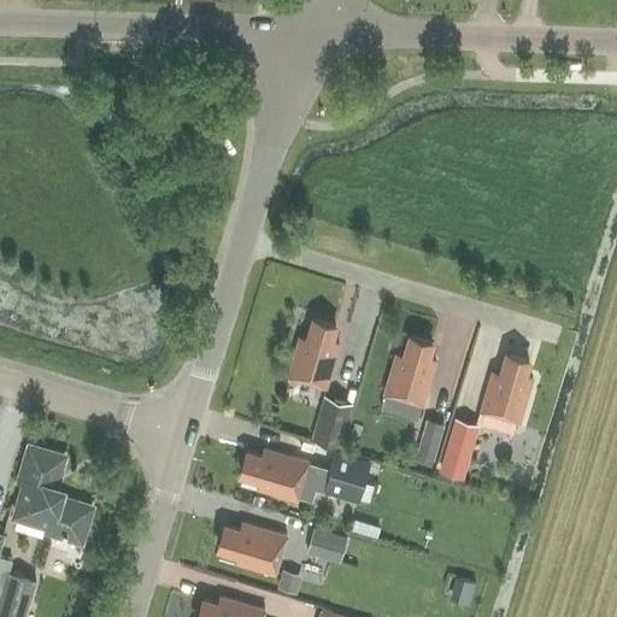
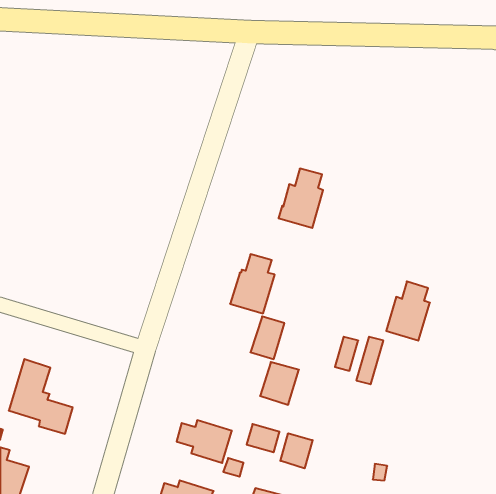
building: [382,335,437,409] -> [278,169,323,228]
building: [241,451,310,503] -> none
building: none -> [280,433,313,468]

